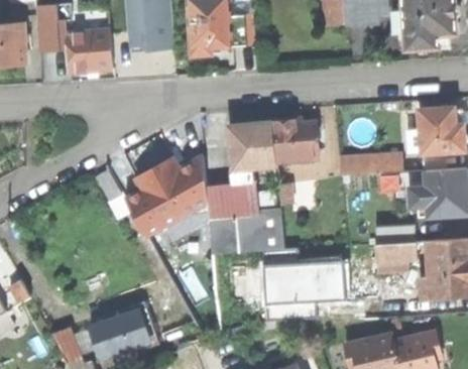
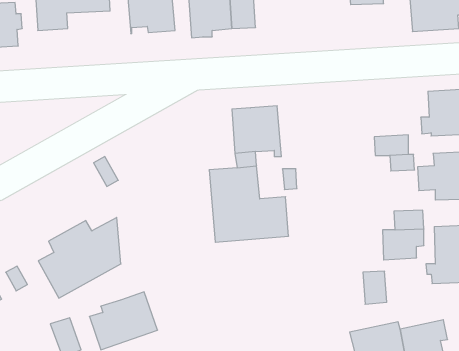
building: [68,29,112,70] -> none
building: [273,116,317,160] -> none
building: [124,156,205,235] -> [38,217,121,298]
building: [264,259,343,317] -> none

